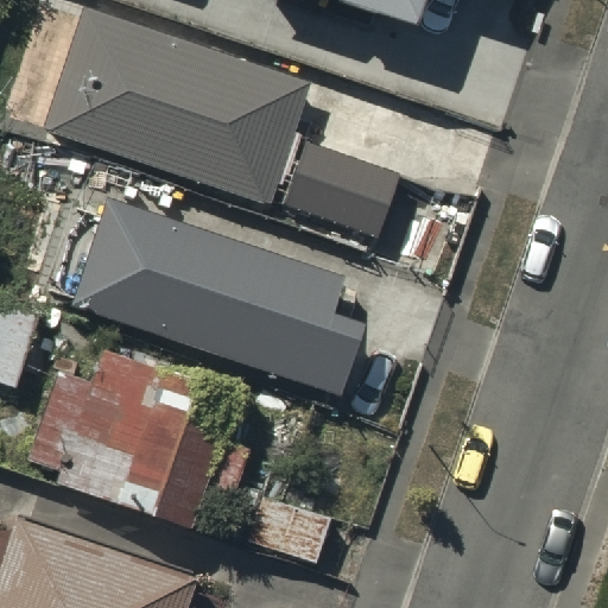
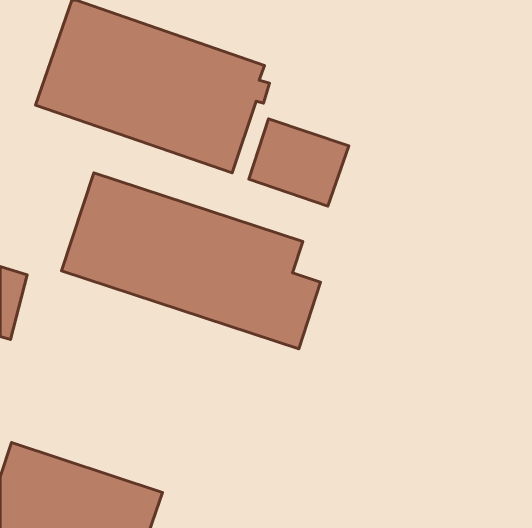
building: [38,343,247,520] -> none

